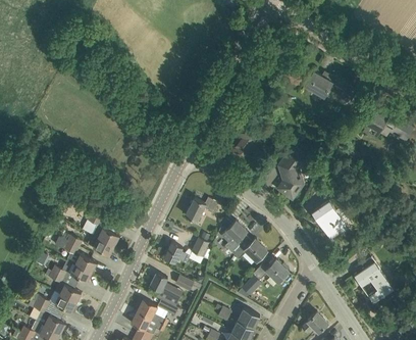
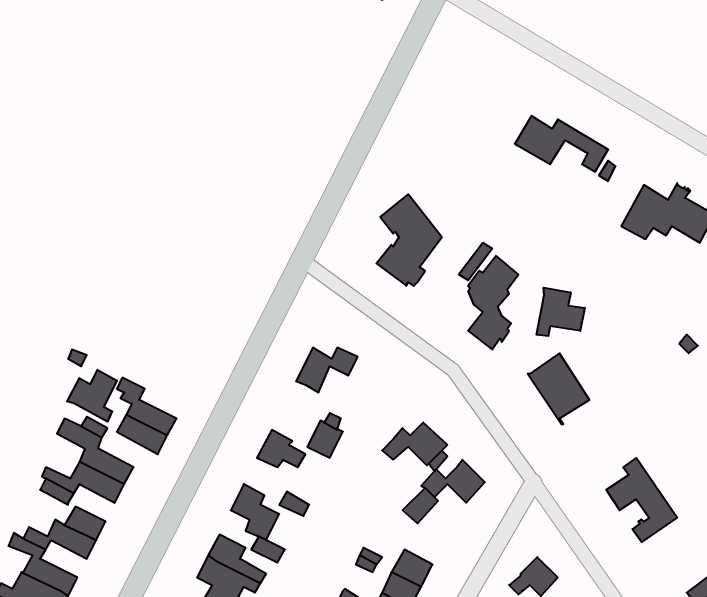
building: none -> [536,288,585,336]
building: none -> [67,370,117,422]
building: [220,220,247,253] -> none

